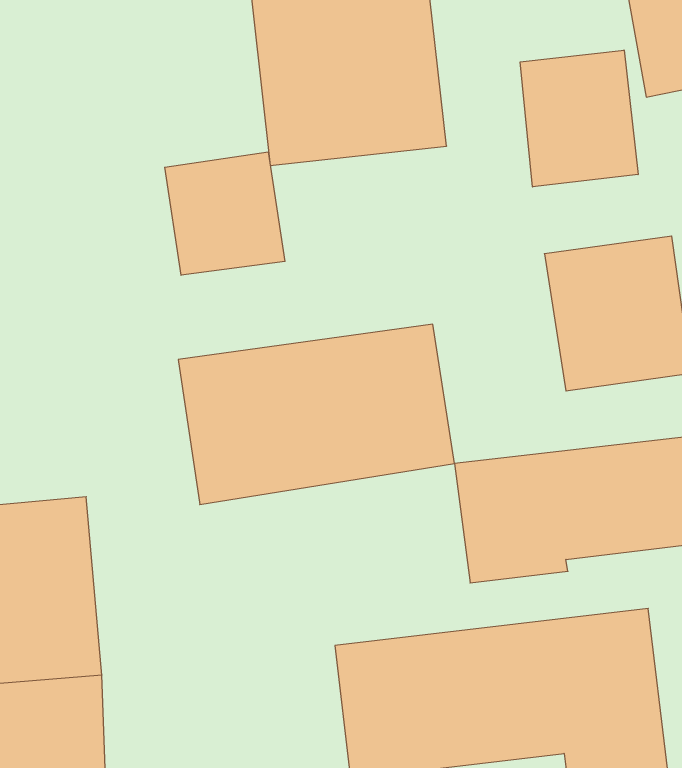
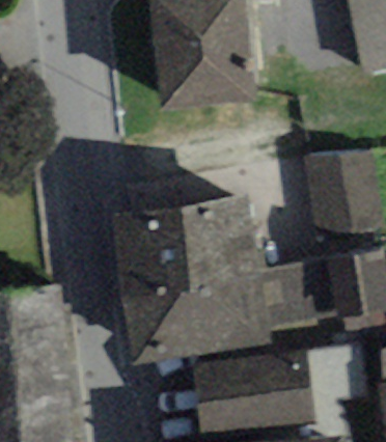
building: [520,50,638,187] -> none
building: [165,152,285,275] -> none
building: none -> [122,268,268,363]

